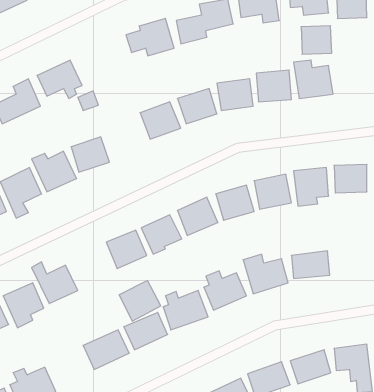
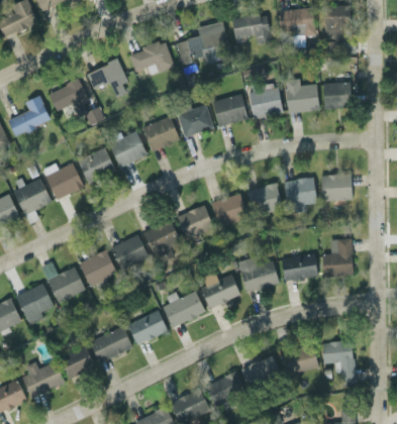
building: [301,26,332,54] -> [323,83,352,109]
building: none -> [86,60,128,91]
building: none -> [109,132,146,168]
building: none -> [323,239,353,277]
building: [119,281,161,321] -> [79,250,117,288]
building: none -> [60,346,95,379]

